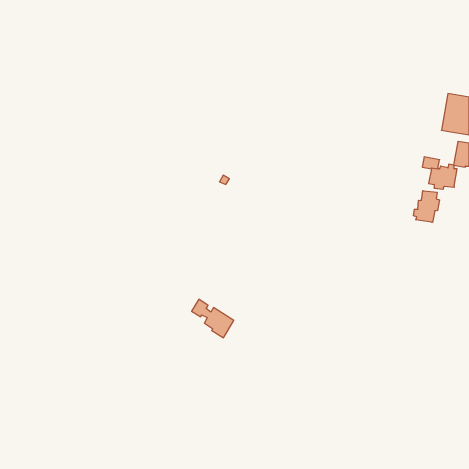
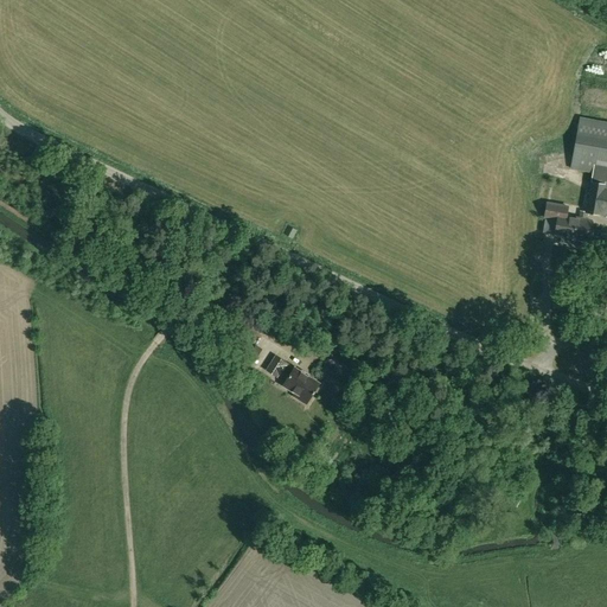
building: [414,191,439,222] -> none
building: [192,299,234,338] -> [266,356,320,405]

